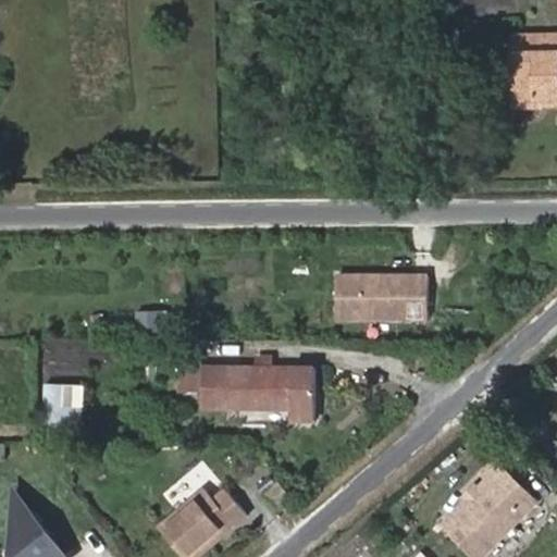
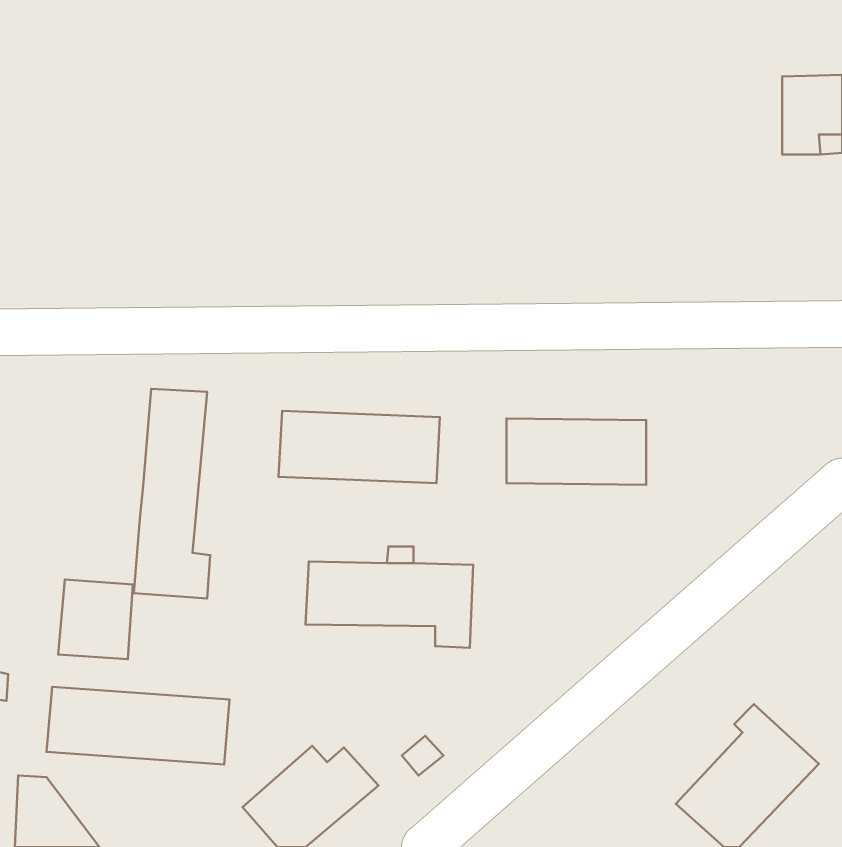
building: none -> [134,389,210,598]
building: none -> [279,411,440,483]
building: none -> [47,687,230,764]

